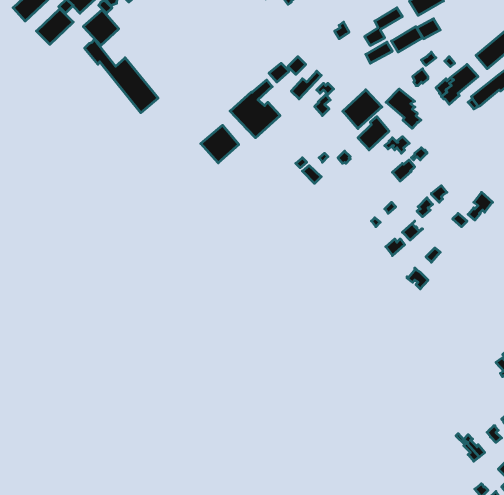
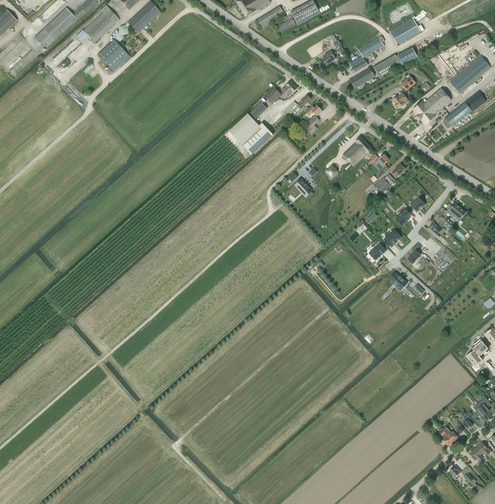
building: [85,40,158,113] -> none
building: [386,89,421,128] -> none
building: [343,90,382,129] -> none
building: [201,125,239,163] -> none

